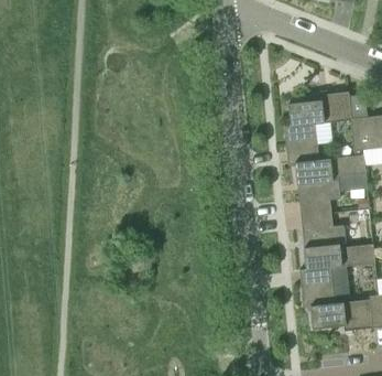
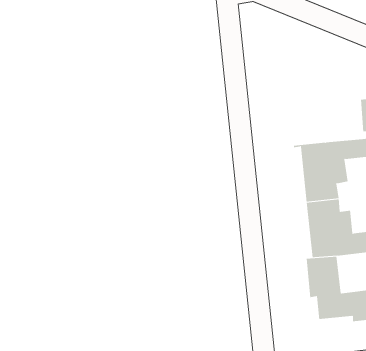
building: [284,92,352,162] -> none

